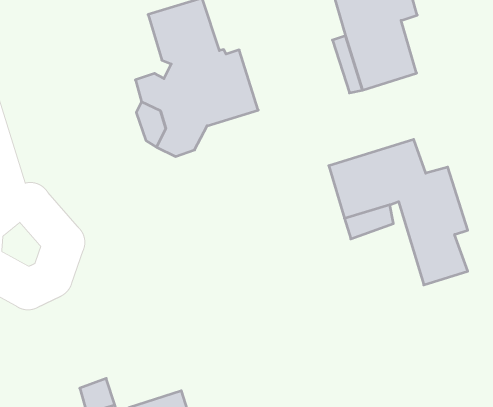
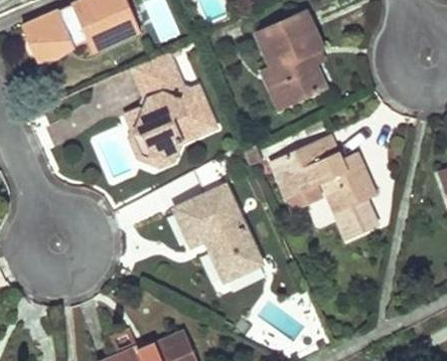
building: none -> [172,184,262,282]

